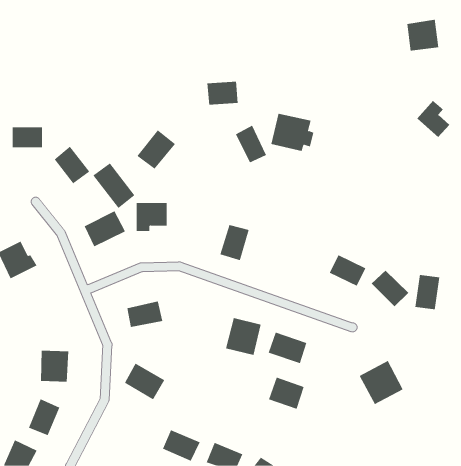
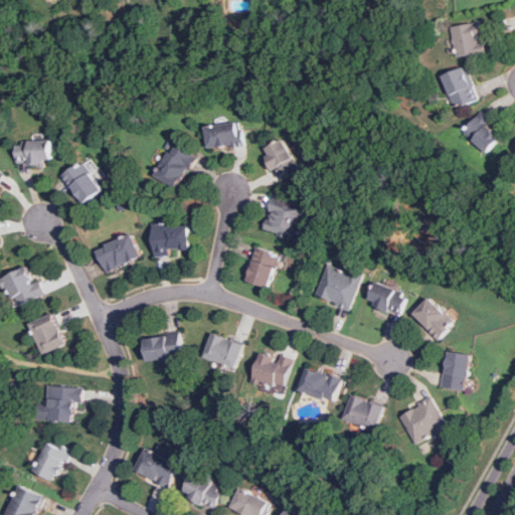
building: none -> [439,66,474,108]
building: [207,81,239,105] -> [202,122,237,148]
building: [270,113,314,152] -> [261,197,309,239]
building: [92,163,135,209] -> none
building: none -> [312,264,361,310]
building: [415,274,440,310] -> [440,351,468,390]
building: none -> [26,313,63,354]
building: none -> [200,333,240,368]
building: [124,363,165,400] -> [132,447,177,488]
building: [268,377,304,410] -> [341,394,381,431]

